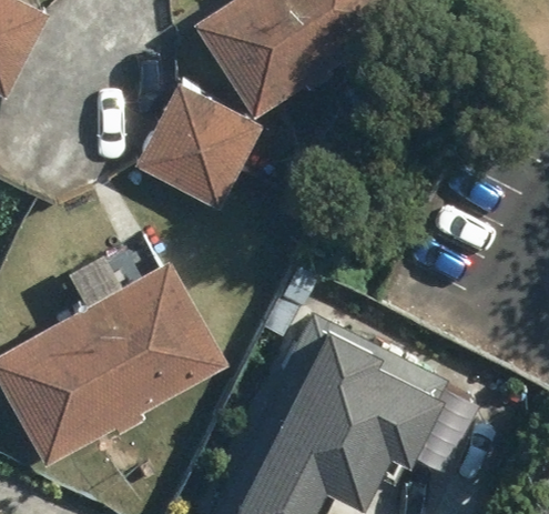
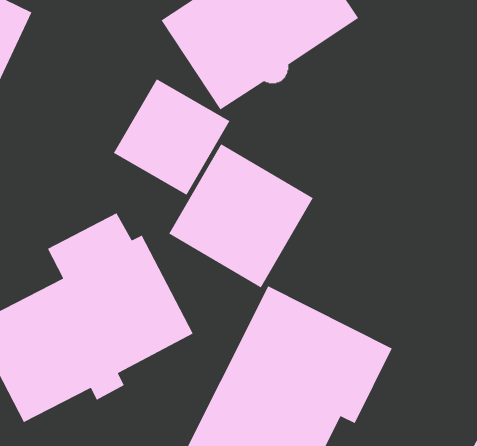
building: none -> [168,143,314,288]

